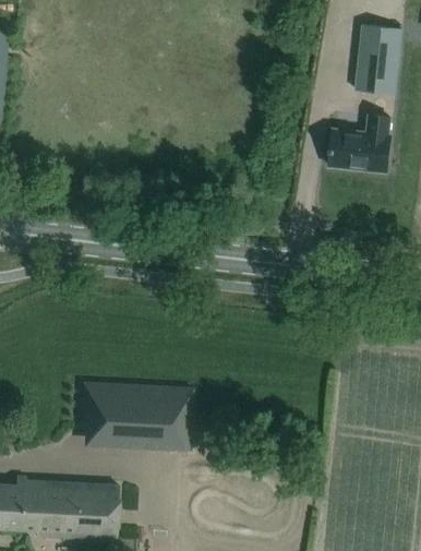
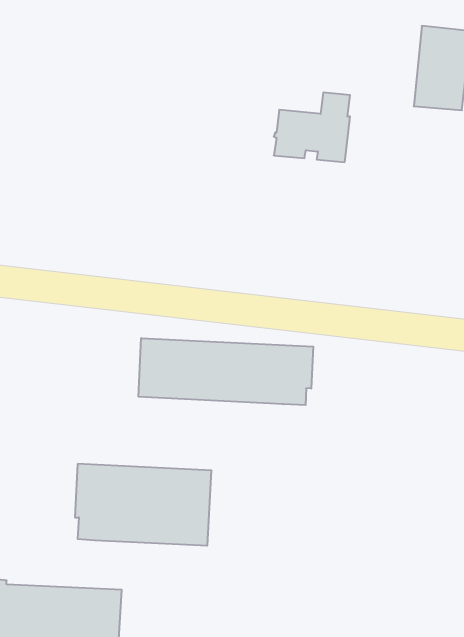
building: [327,113,389,170] -> [274,92,350,162]
building: none -> [139,338,313,405]

